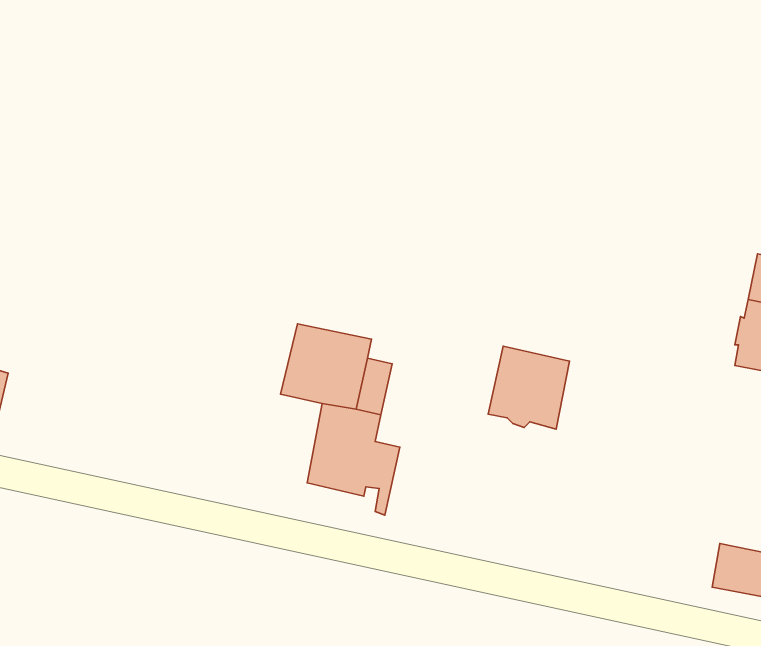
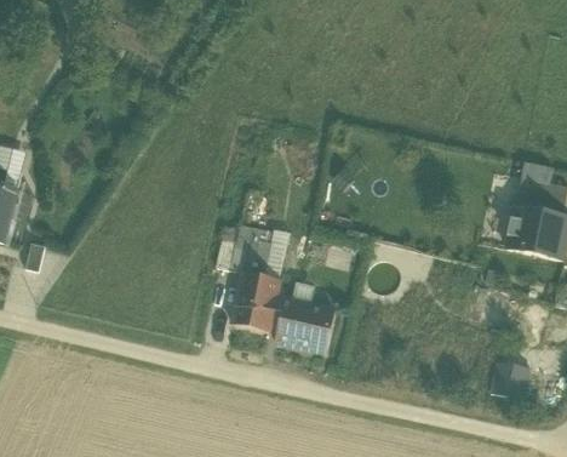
building: [488,346,570,429] -> [284,299,336,353]

